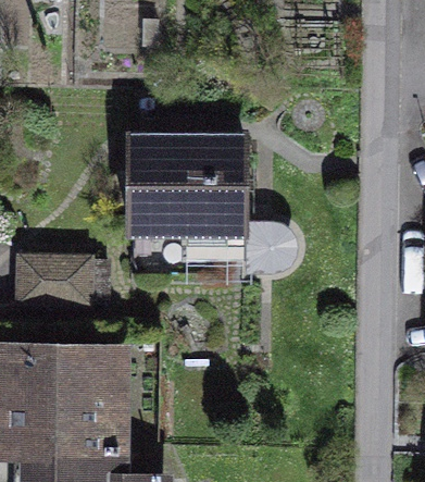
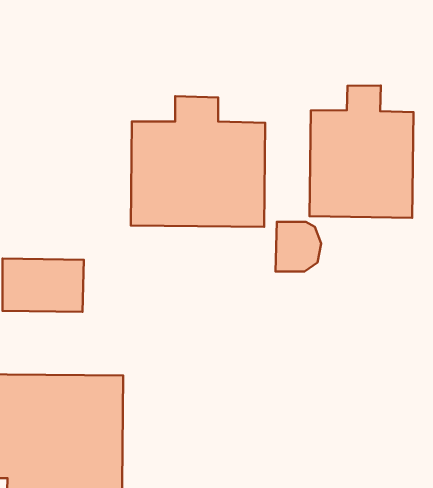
building: none -> [309,85,413,218]

